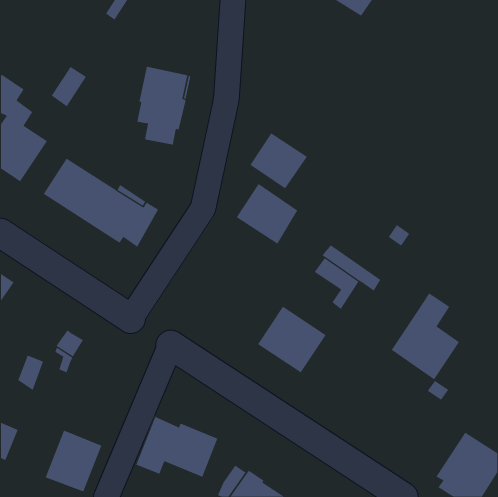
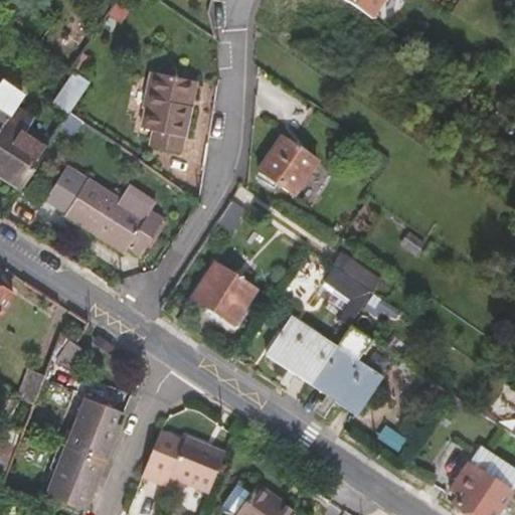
building: [236,183,298,245] -> [191,263,255,326]
building: [391,292,460,380] -> [311,326,382,416]
building: none -> [65,394,125,460]

